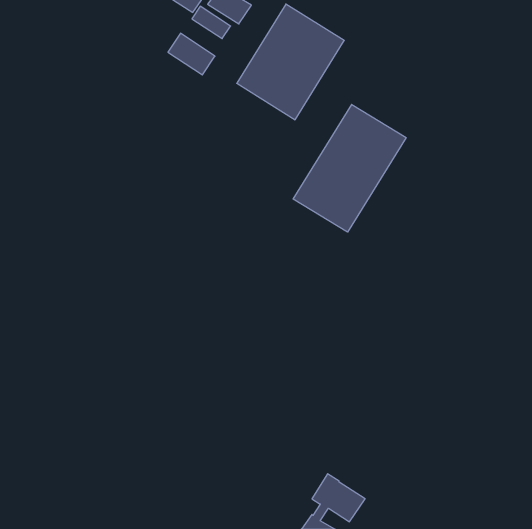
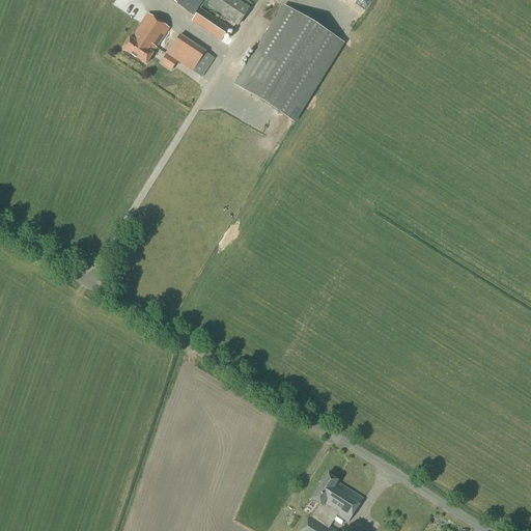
building: none -> [123,11,170,62]
building: [293,104,406,232] -> none

